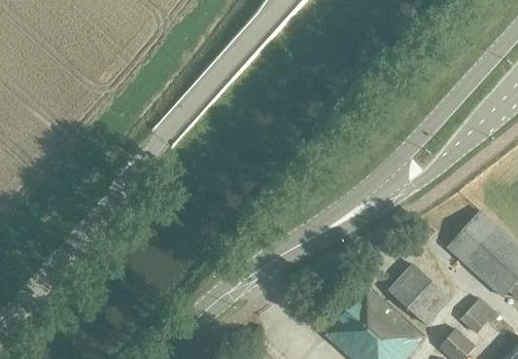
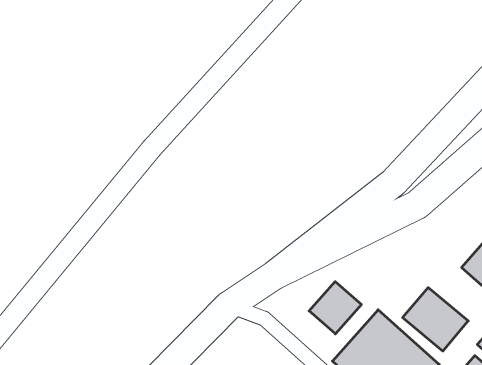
building: none -> [309,282,361,334]

